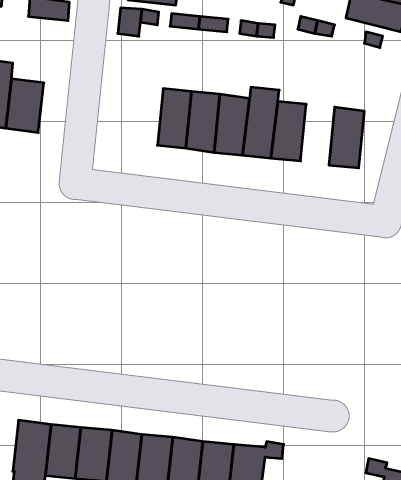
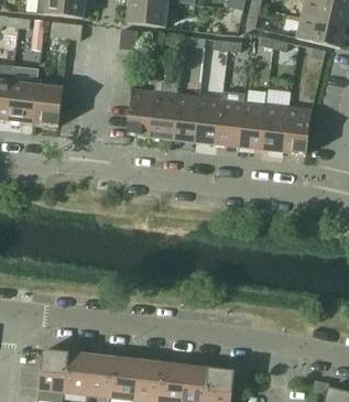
building: none -> [127,88,154,135]
building: none -> [261,104,287,151]

